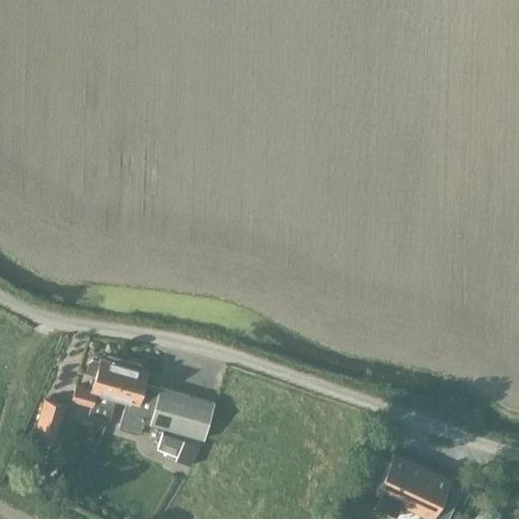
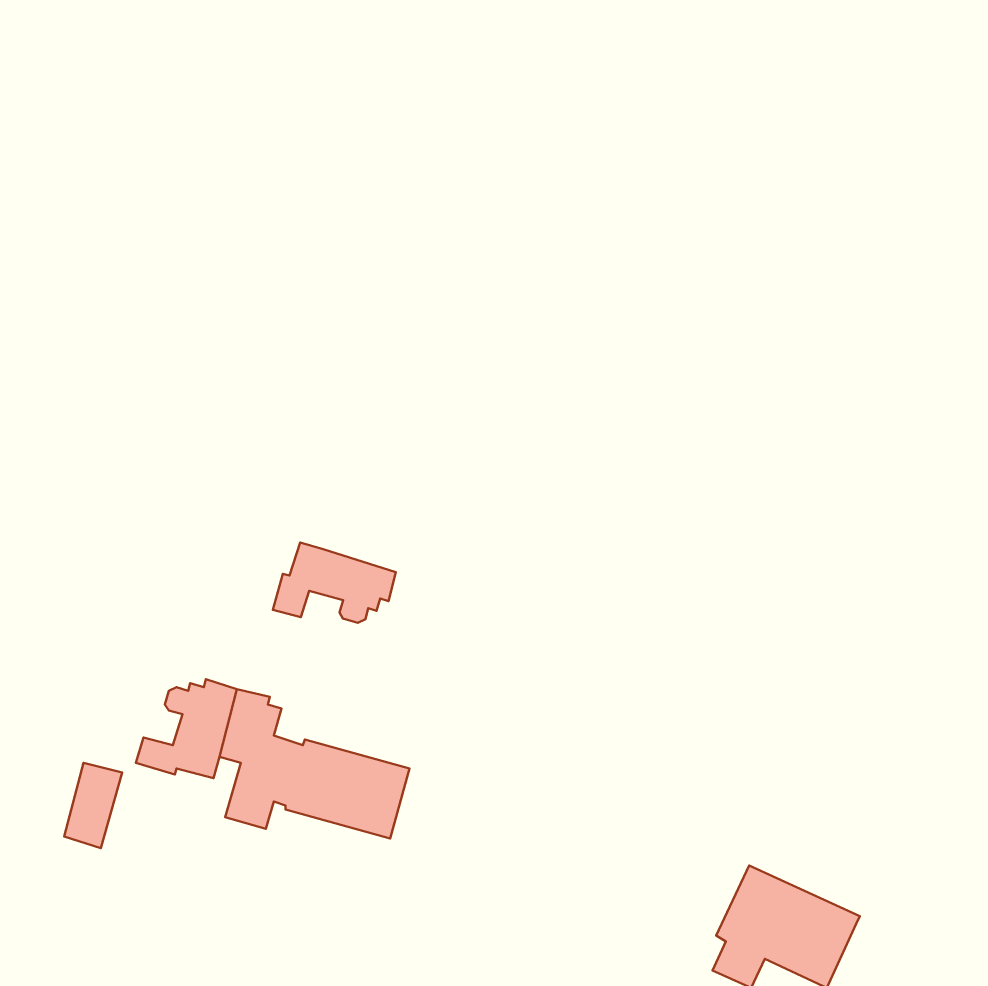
building: none -> [273,542,396,623]
building: [157,434,200,467] -> none

